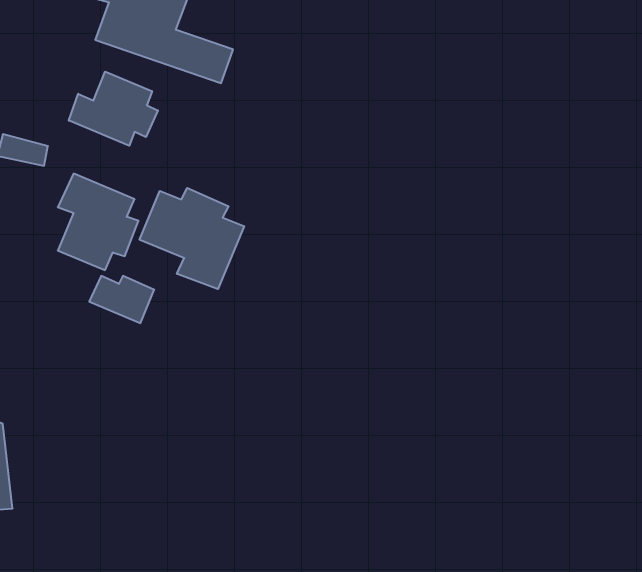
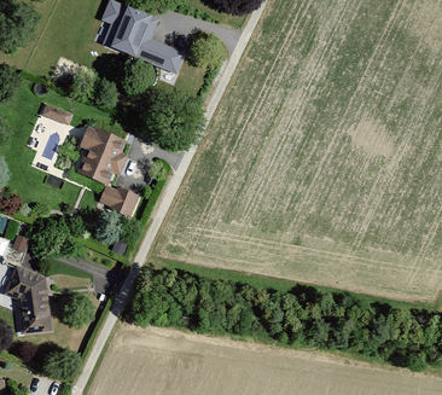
building: [69,72,158,146] -> none
building: [140,188,244,289] -> none

